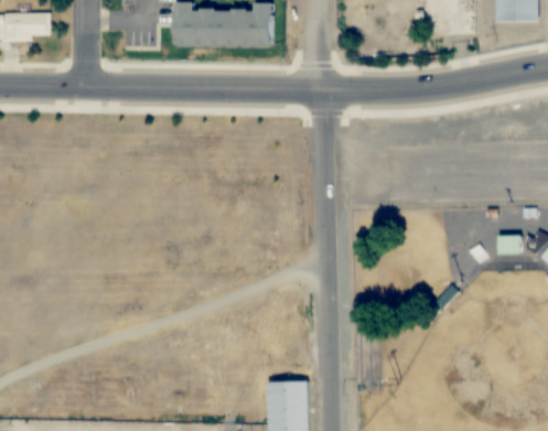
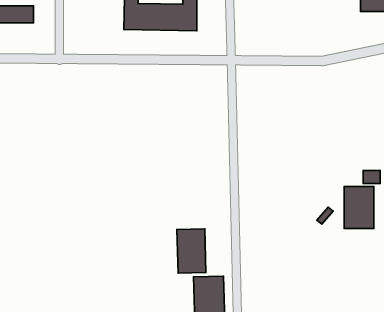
building: none -> [344,186,374,228]
building: none -> [177,229,206,273]

